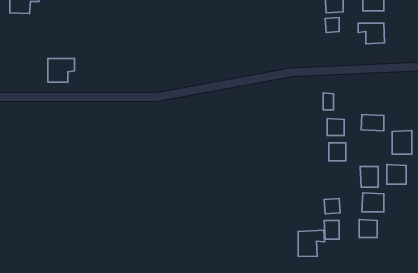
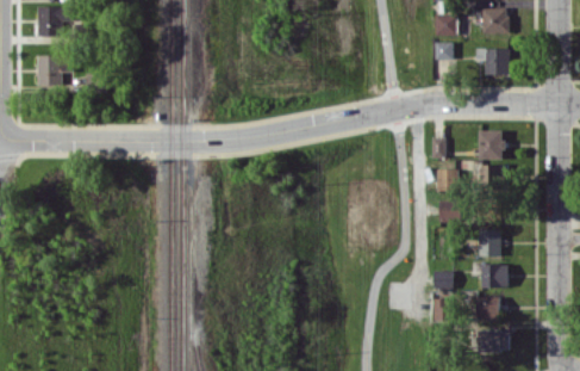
building: [48,59,74,82] -> [37,56,70,86]
building: [392,131,412,154] -> [479,130,504,160]
building: [387,165,406,184] -> none
building: [298,230,324,256] -> none
building: none -> [478,332,511,352]

